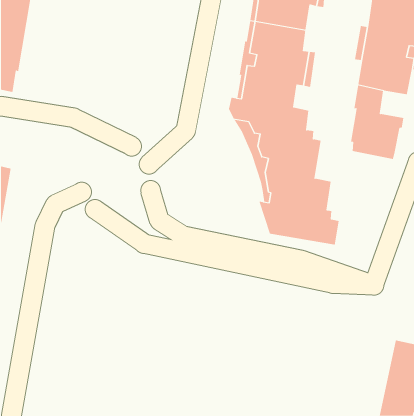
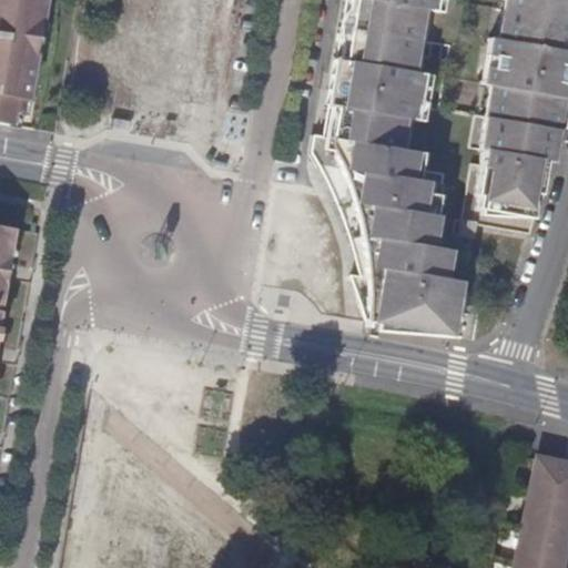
building: none -> [521,123,558,160]

